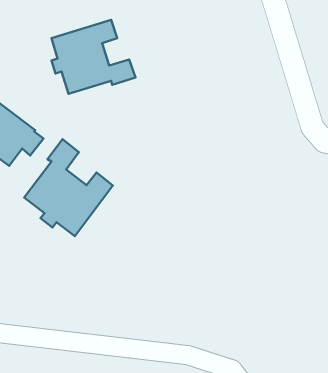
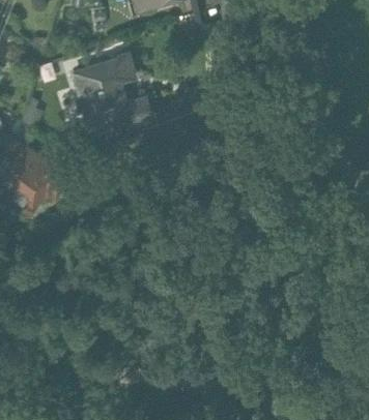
building: [24,139,113,236] -> none

